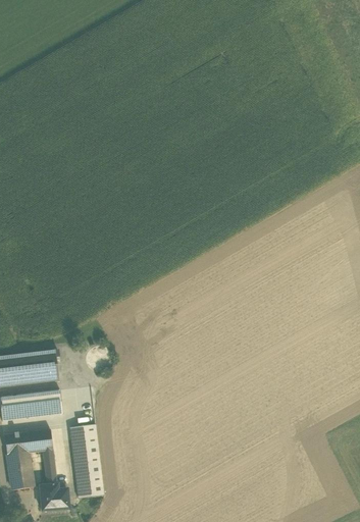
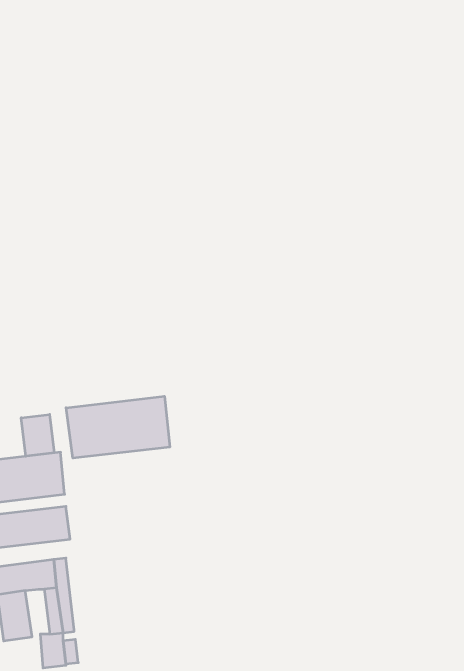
building: none -> [66,396,170,458]
building: none -> [21,414,54,456]
building: [68,424,102,499] -> none

